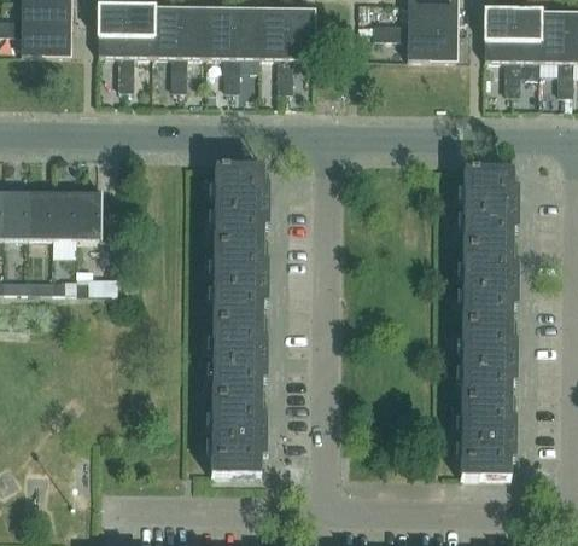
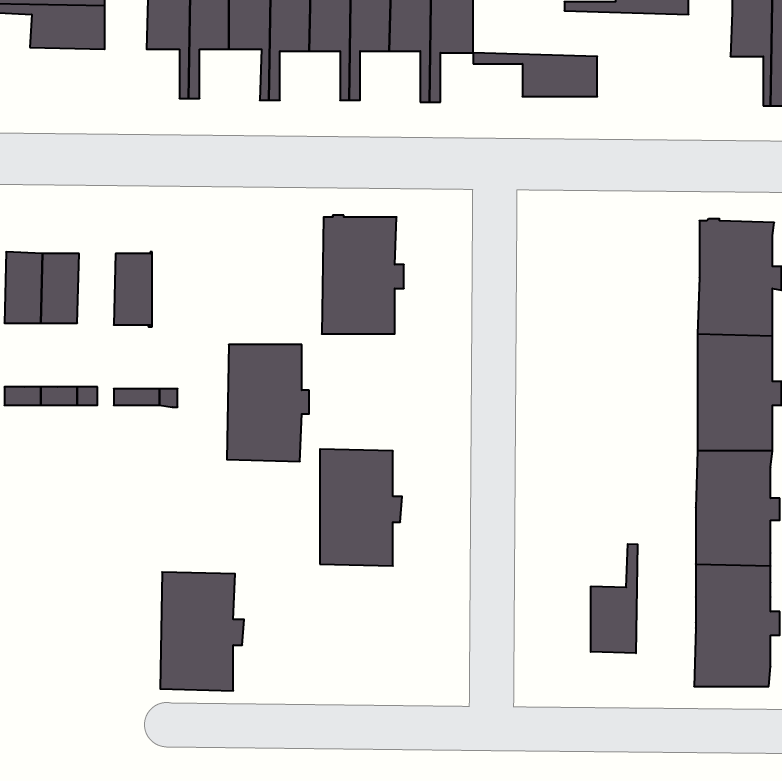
building: [375,29,457,58] -> [473,53,597,97]
building: [53,190,78,237] -> none
building: [214,243,268,320] -> [227,345,309,461]
building: none -> [591,544,638,653]
building: [212,395,268,474] -> [160,572,244,691]

